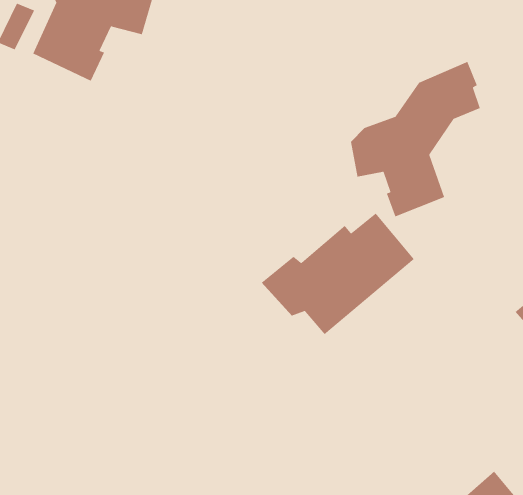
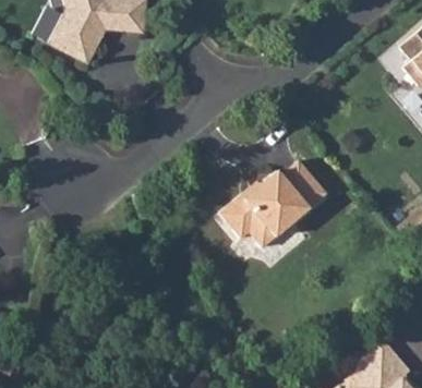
building: [350,61,481,218] -> none

